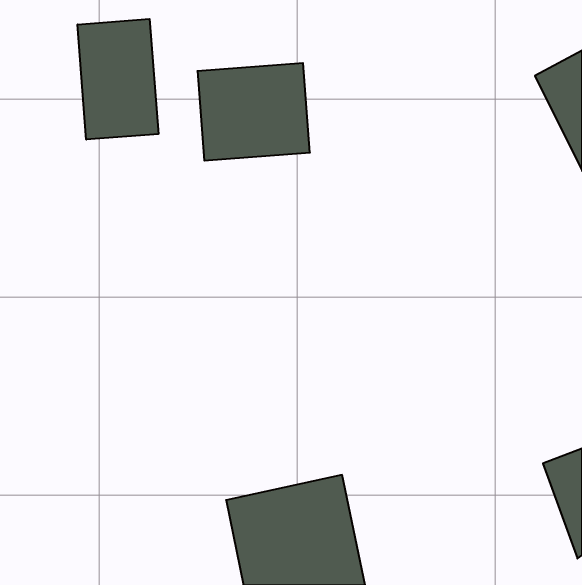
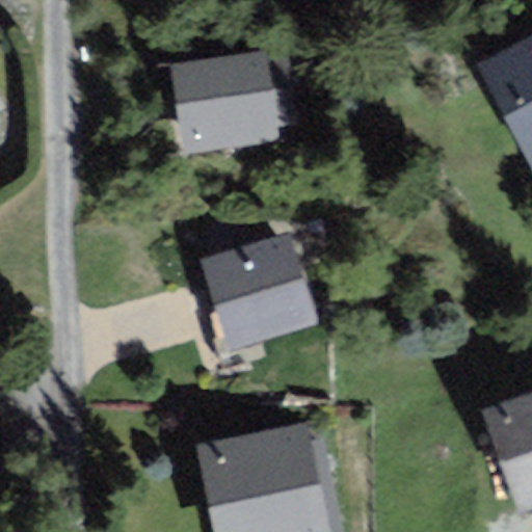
building: [78,19,158,140] -> none
building: none -> [208,241,311,345]

